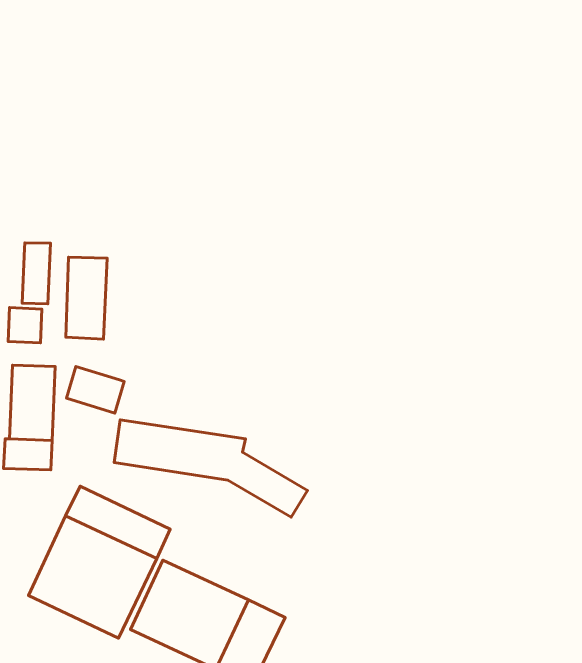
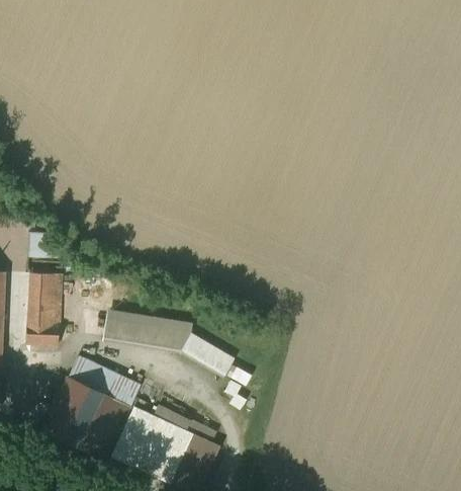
building: [22,243,50,304] -> none
building: [66,257,107,339] -> none
building: [66,366,124,413] -> none

